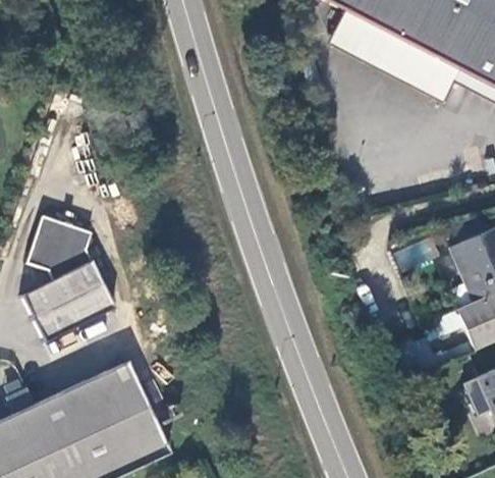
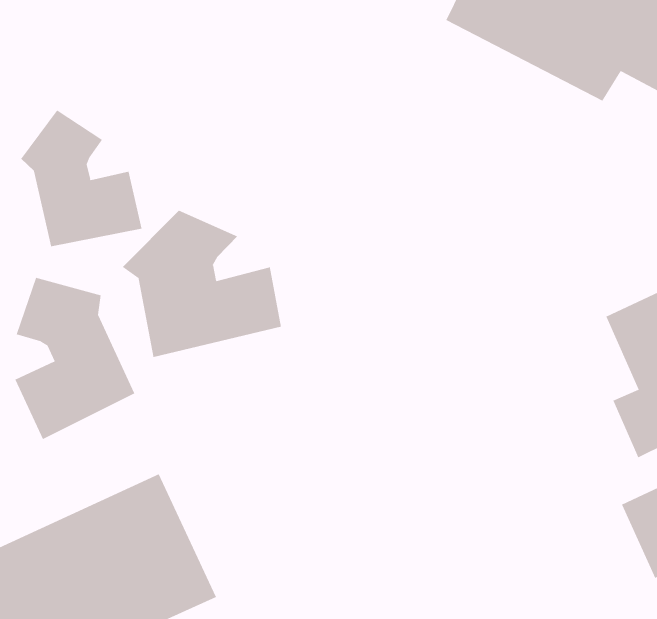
building: none -> [21,110,142,247]
building: none -> [122,210,281,358]

